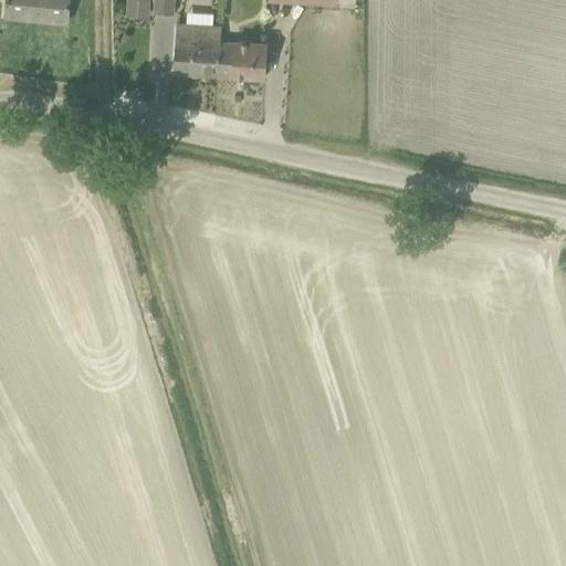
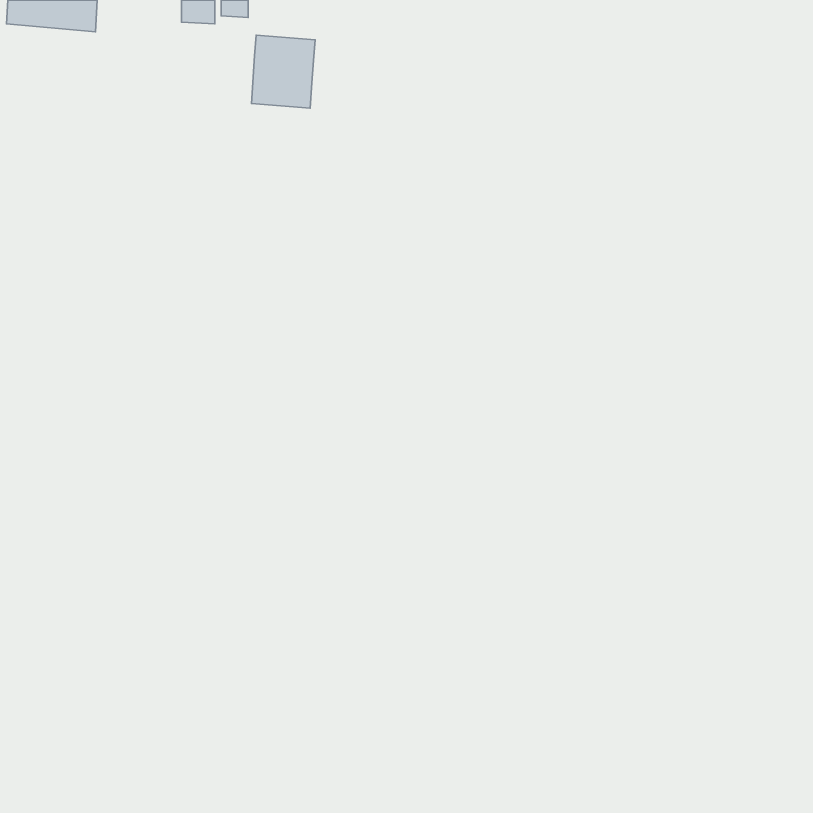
building: [216,41,266,78] -> none

